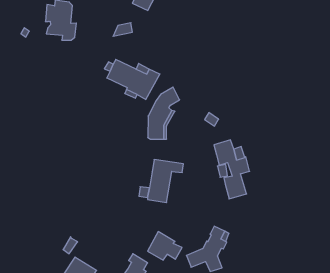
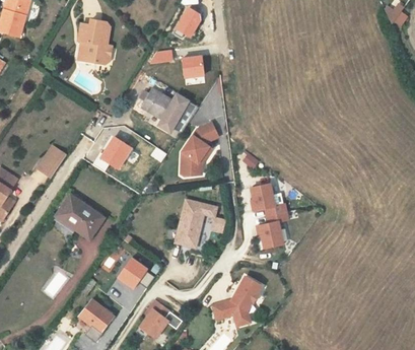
building: none -> [182,56,204,78]
building: none -> [91,137,130,171]
building: none -> [37,146,65,178]
building: none -> [55,195,102,237]
building: [148,232,182,260] -> [117,258,154,289]

